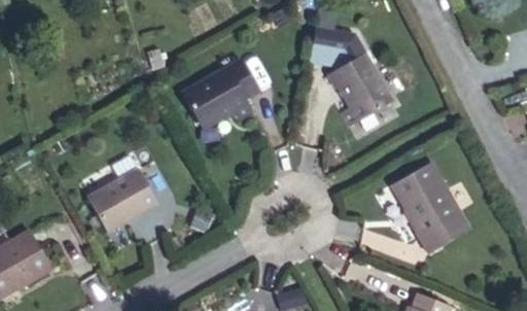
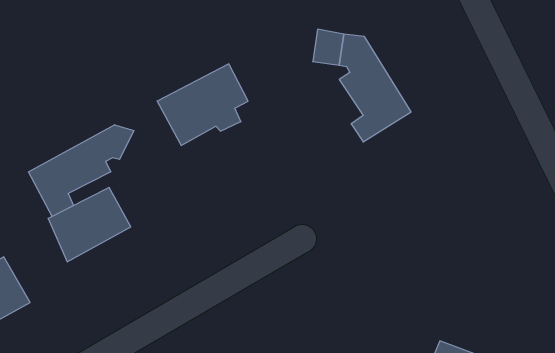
building: none -> [28,125,134,216]
building: [387,159,468,253] -> none

